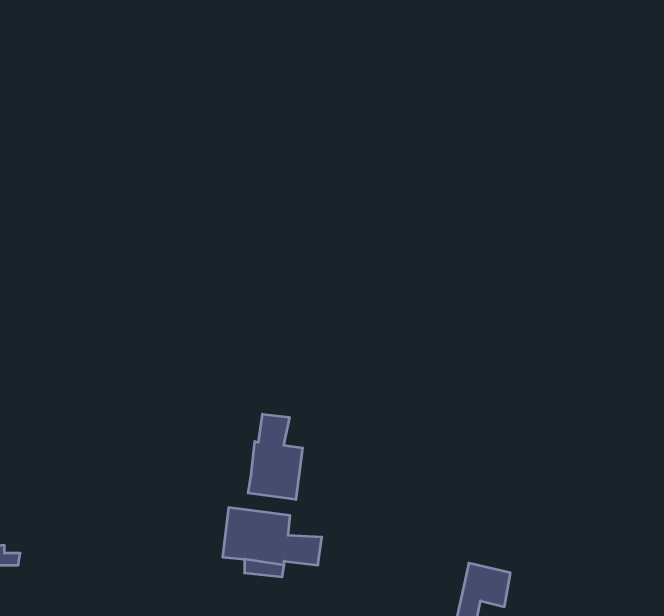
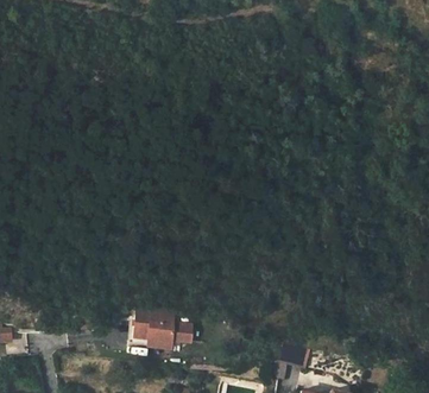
building: [248,414,303,500] -> none

